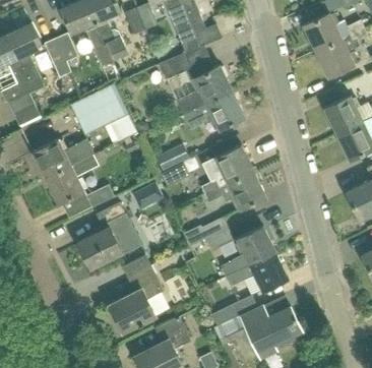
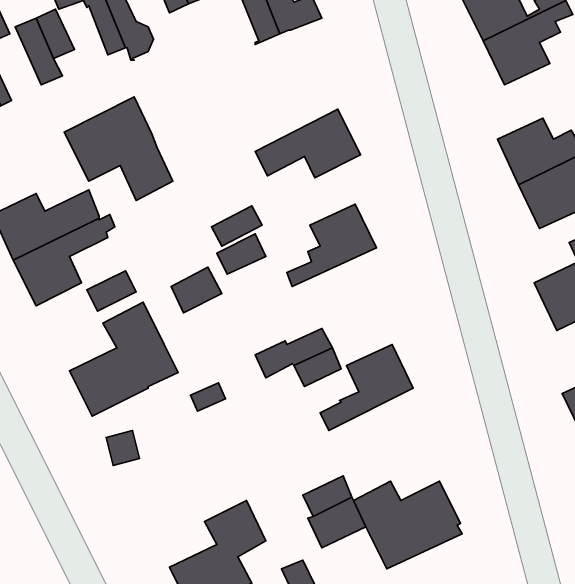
building: [160,45,231,115] -> none
building: [204,171,265,209] -> none
building: [226,252,287,292] -> none
building: [108,267,162,331] -> none

